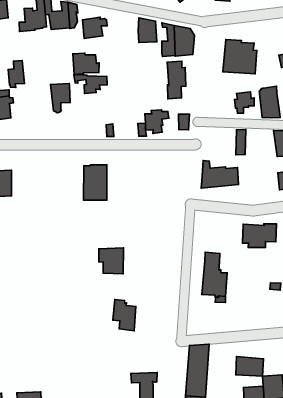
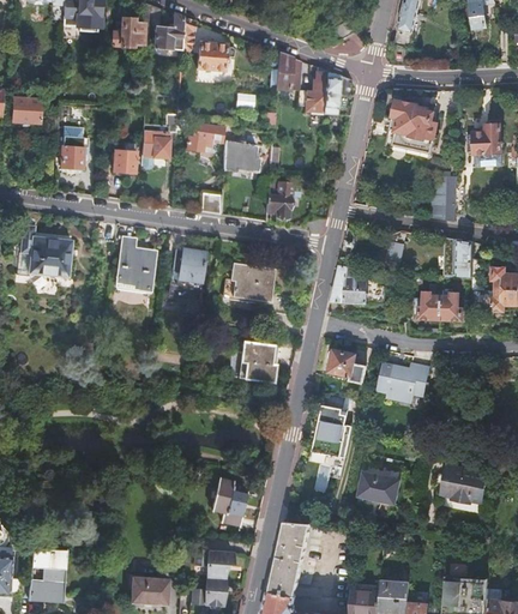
building: [73,53,99,74] -> [223,140,260,171]
building: [8,61,25,87] -> [112,138,134,175]
building: [167,61,186,99] -> none
building: [235,92,254,113] -> none
building: none -> [116,237,152,291]
building: none -> [229,261,276,303]
building: none -> [417,294,442,321]
building: none -> [330,349,368,384]
building: [99,248,124,274] -> [242,343,279,383]
building: [113,299,136,331] -> [213,478,248,526]
building: [236,357,264,376] -> [359,471,400,504]

